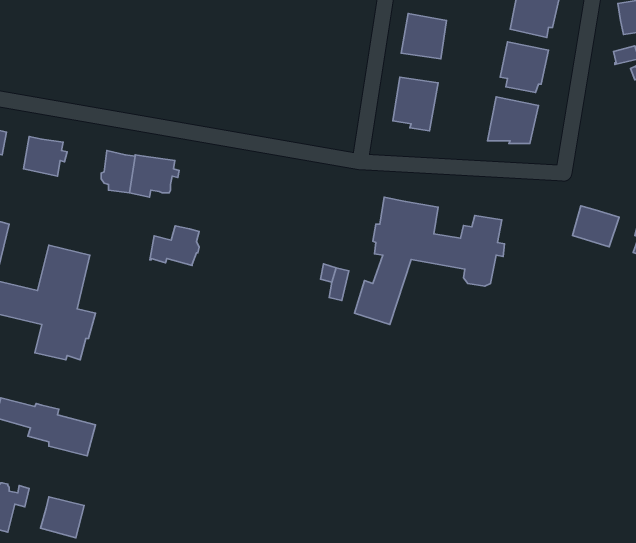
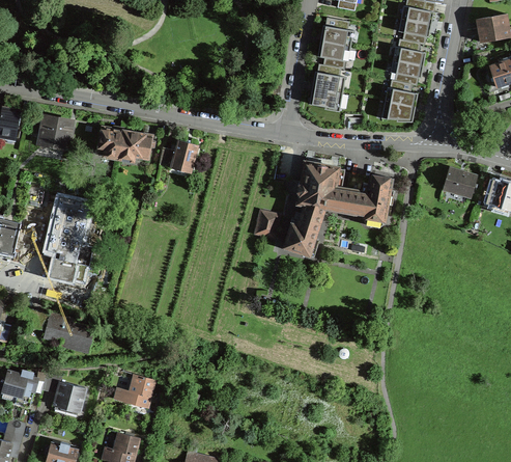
building: [150,226,199,266] -> [159,140,195,169]
building: none -> [113,374,154,408]

